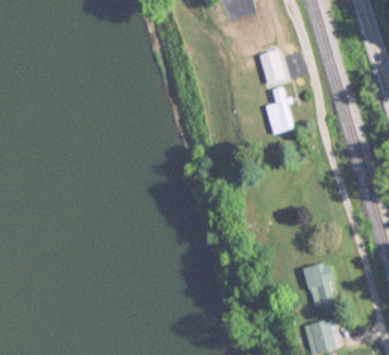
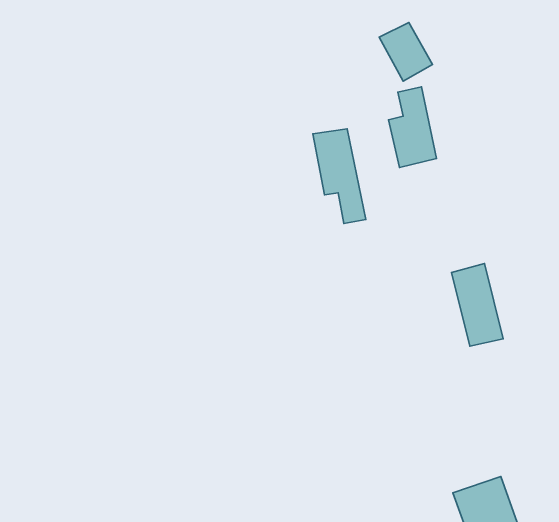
building: none -> [313,129,366,223]
building: [309,266,340,315] -> [452,263,503,346]

